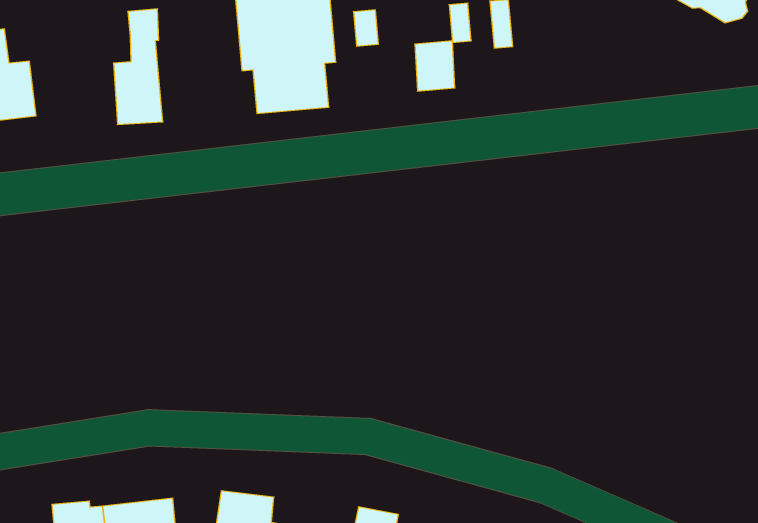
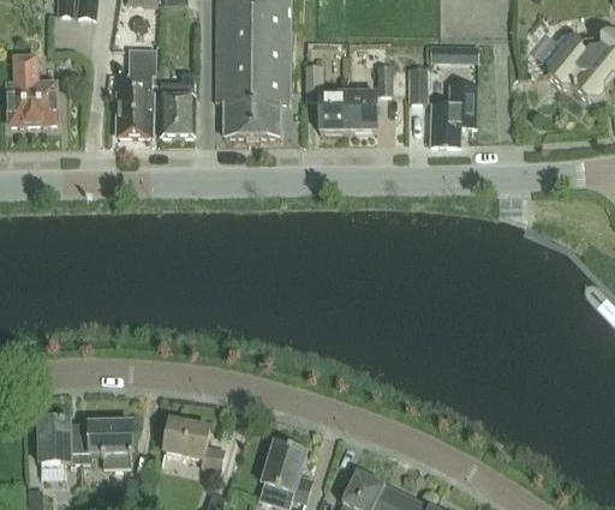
building: none -> [430,82,478,144]
building: none -> [318,76,348,130]
building: none -> [160,68,196,134]

